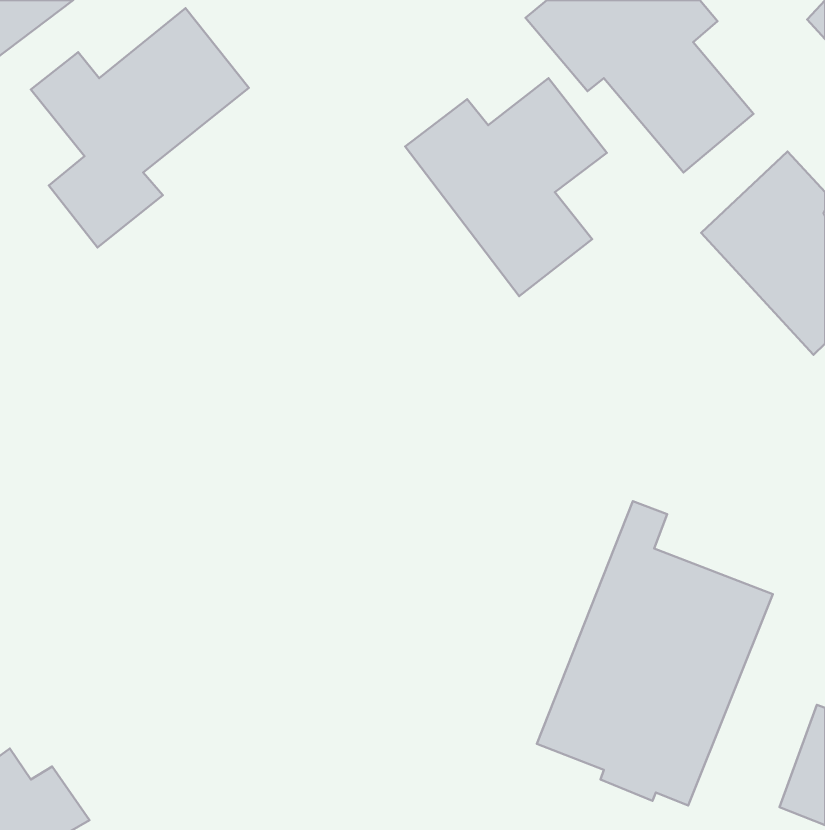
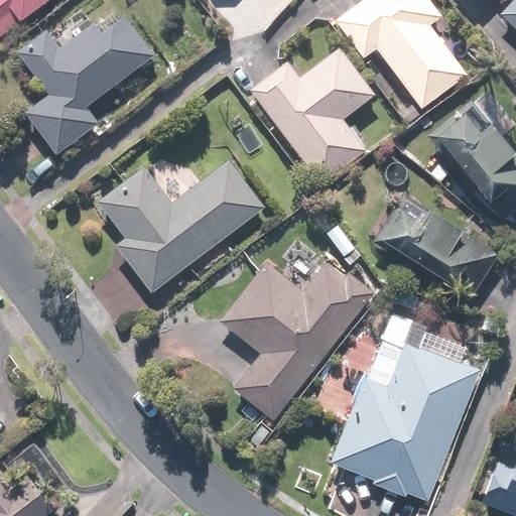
building: none -> [100,159,265,293]
building: none -> [371,195,499,293]
building: none -> [220,258,373,422]

